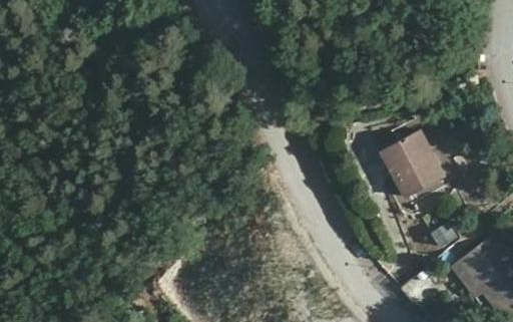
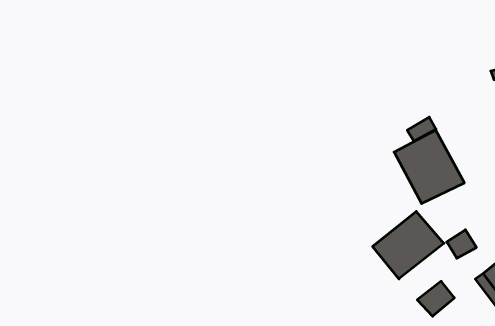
building: none -> [373,211,444,279]

